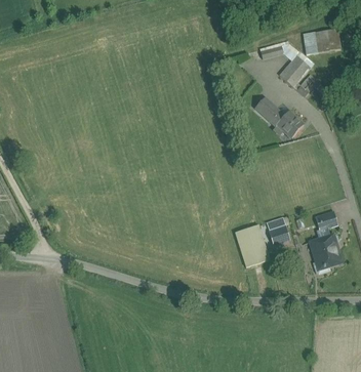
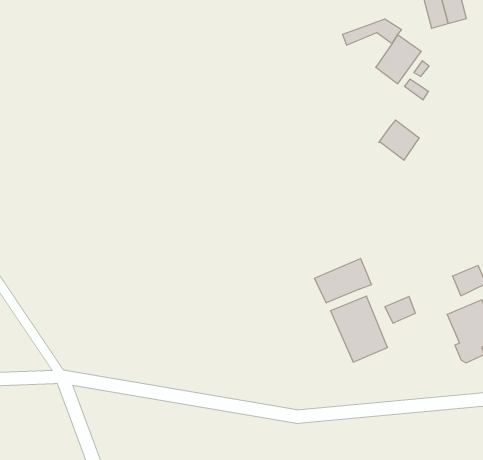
building: [254,96,284,126] -> none
building: none -> [315,258,371,303]

